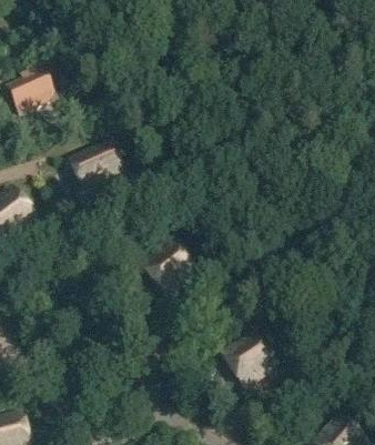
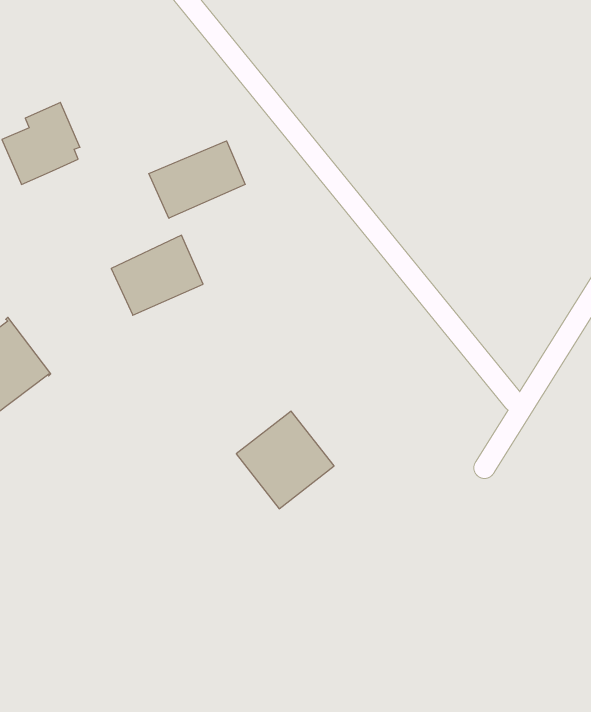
building: none -> [149,141,245,218]
building: [220,331,274,385] -> none

